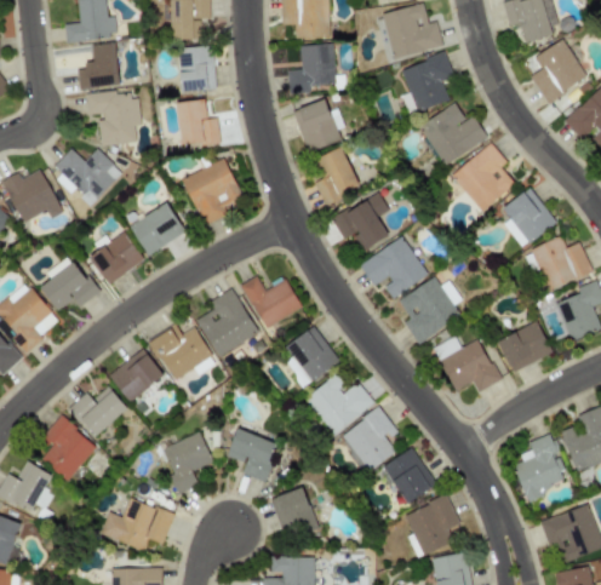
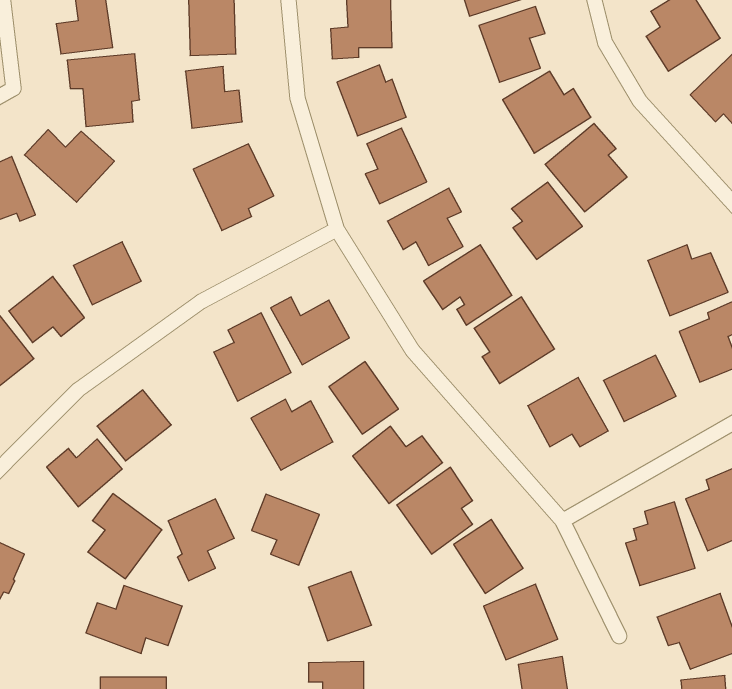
building: [503,188,557,247] -> [511,182,582,259]
building: [130,202,187,256] -> none
building: [150,325,213,379] -> [251,399,333,470]
building: [41,415,98,481] -> [88,494,162,579]

